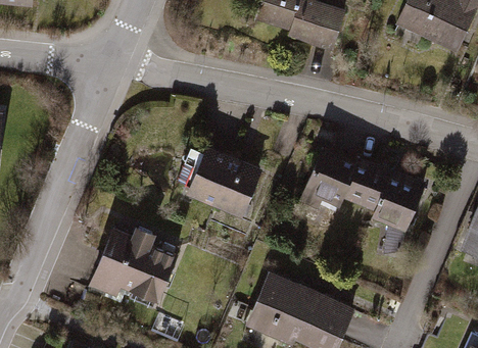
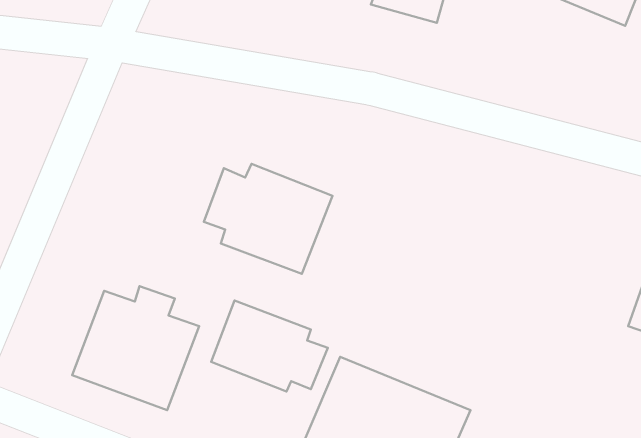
building: [302,147,424,239] -> none
building: none -> [211,300,328,392]

